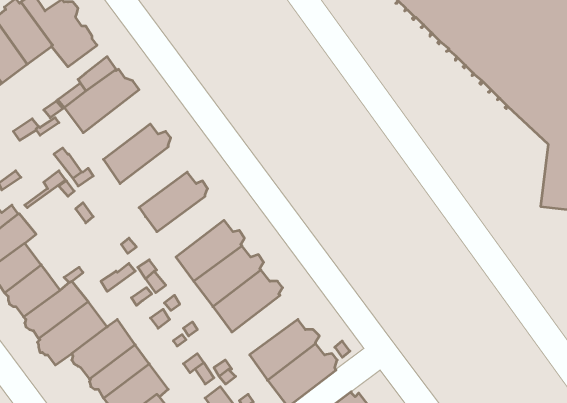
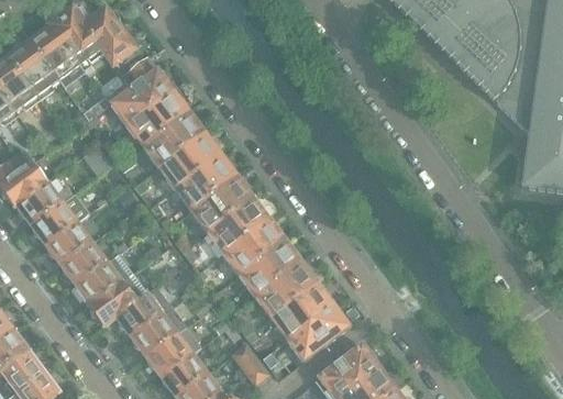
building: none -> [128,86,191,146]
building: none -> [159,135,219,188]
building: none -> [191,178,252,231]
building: none -> [256,264,316,315]

